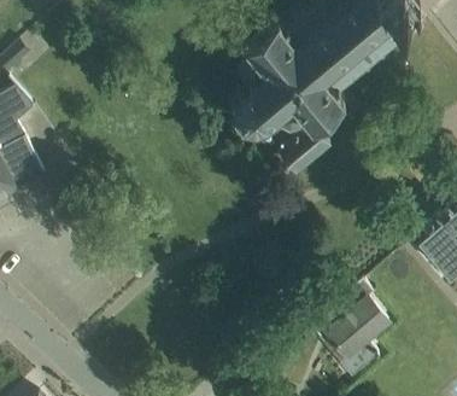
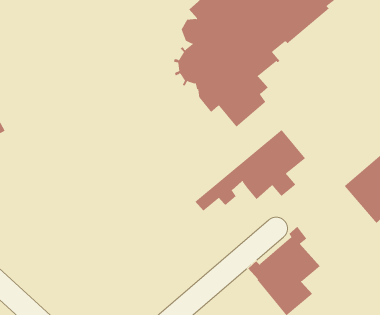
building: none -> [195,129,306,212]

